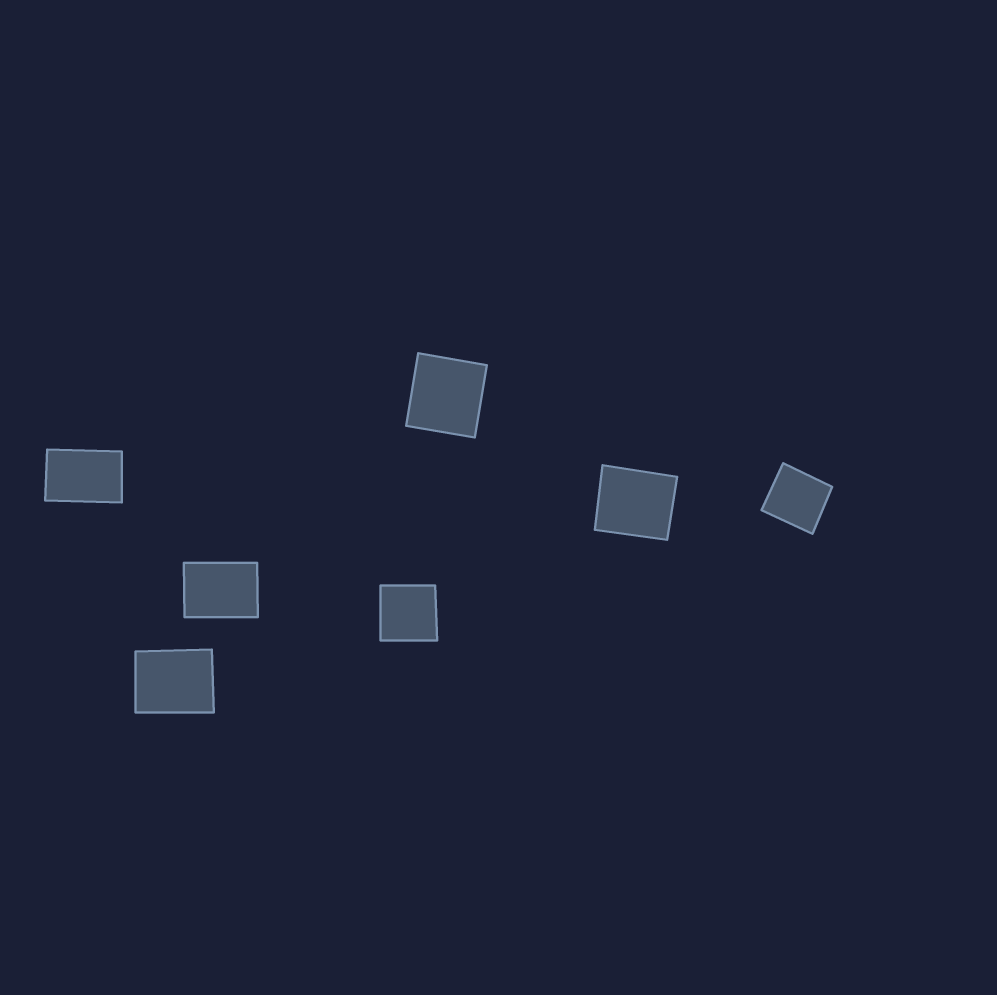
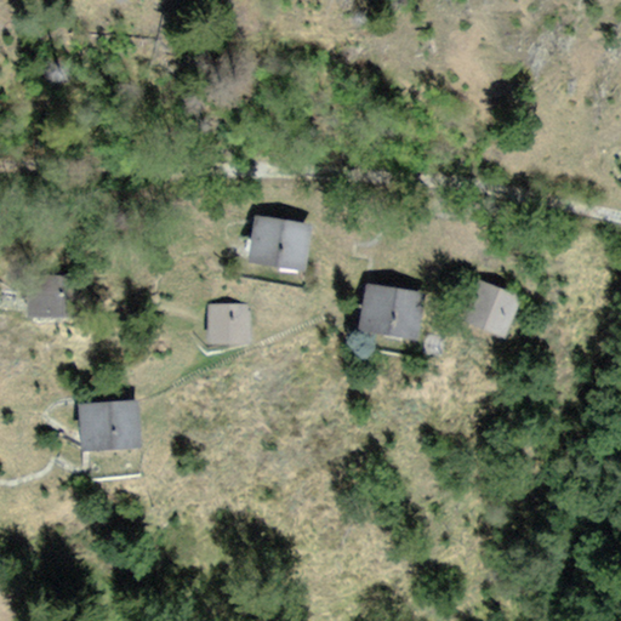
building: [184,563,258,617] -> none
building: [380,586,437,641] -> [211,304,246,338]

